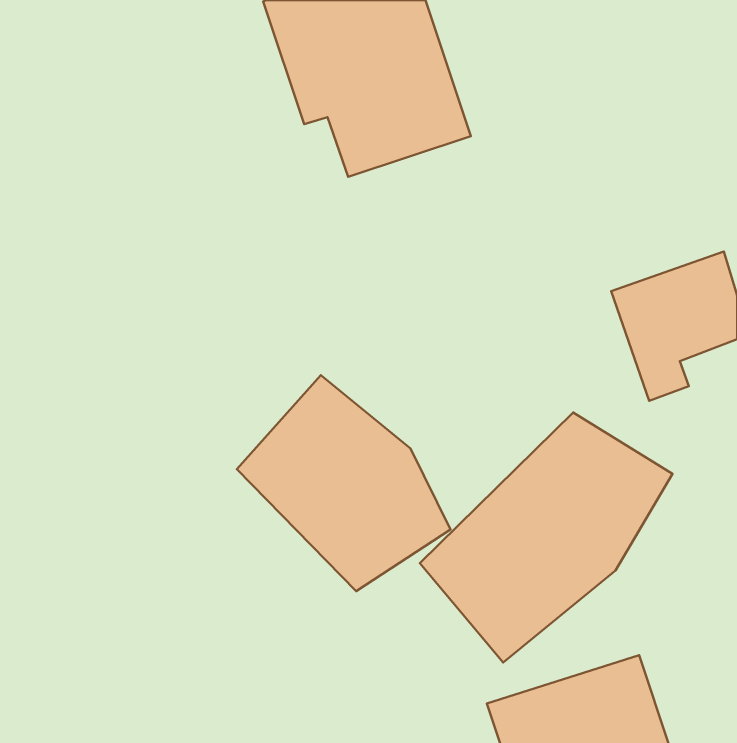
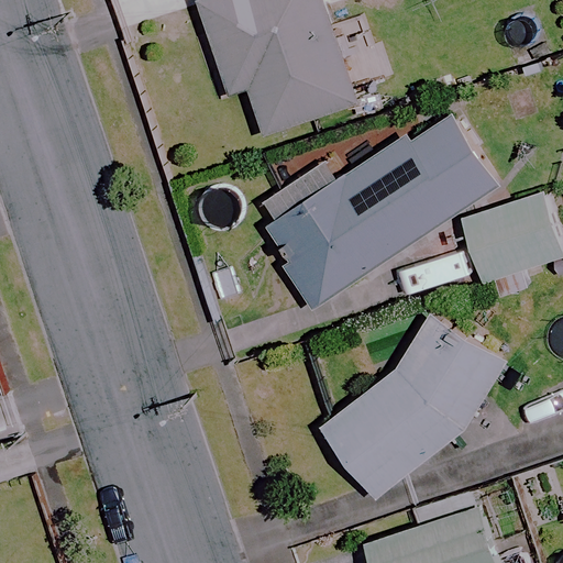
building: none -> [260,111,498,310]
building: [237,375,451,591] -> none

